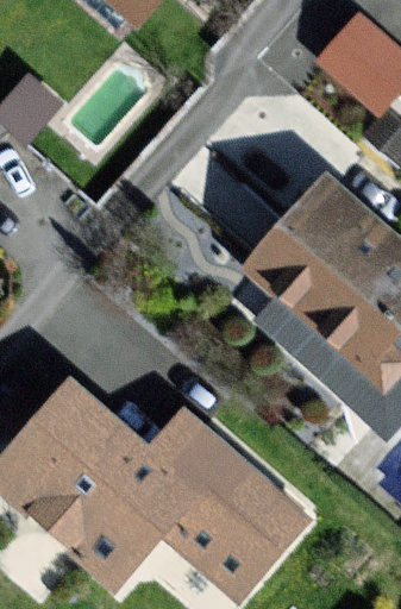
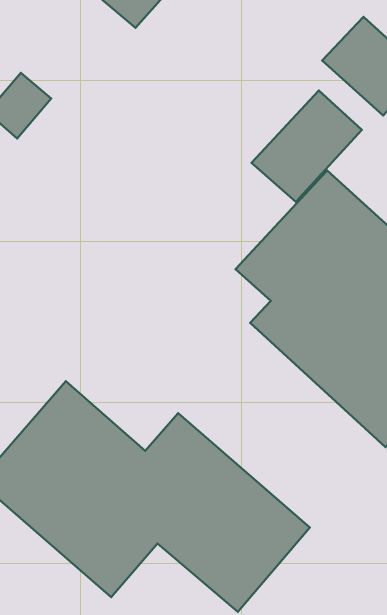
building: none -> [252,91,362,202]

